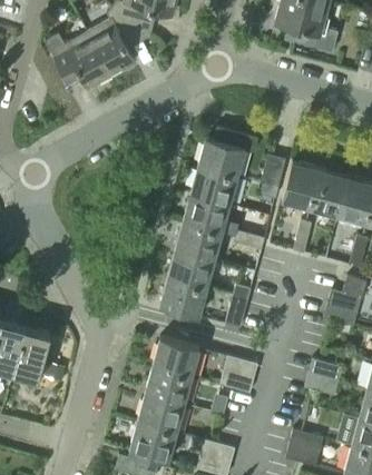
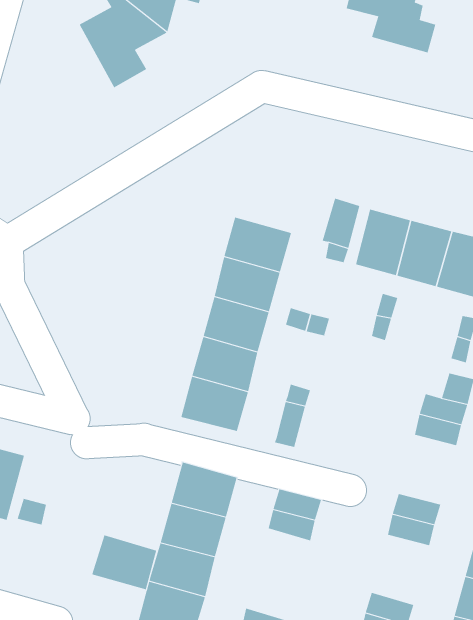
building: [46,33,112,91] -> none
building: [197,128,258,179] -> none
building: none -> [91,534,157,590]

